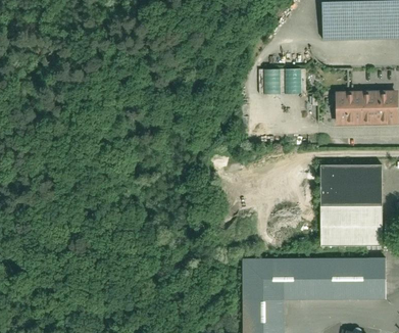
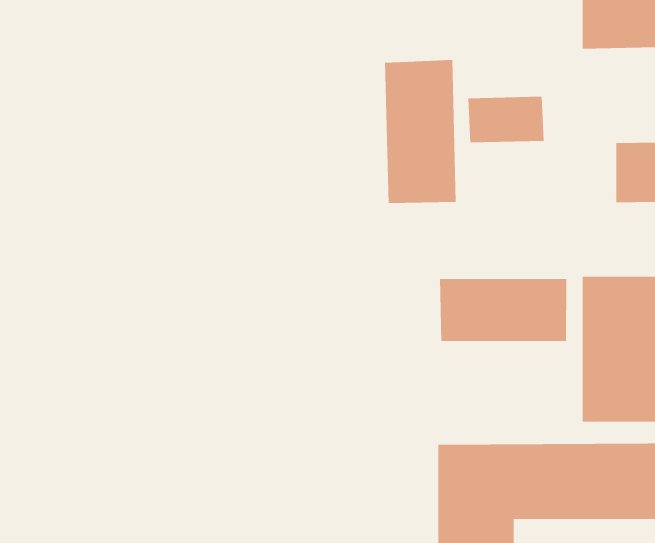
building: none -> [385,59,456,204]
building: none -> [440,278,567,342]

